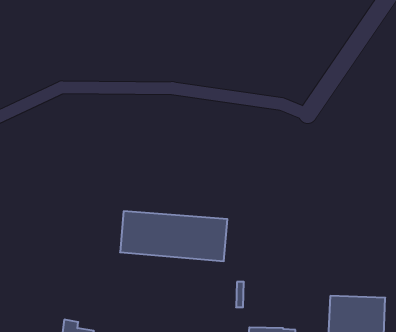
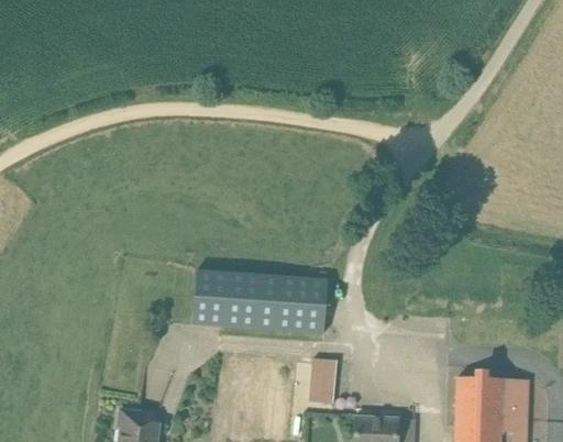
building: none -> [308,358,338,404]

